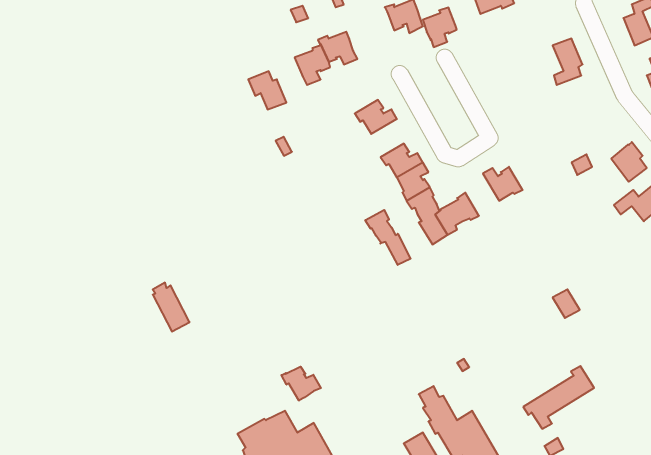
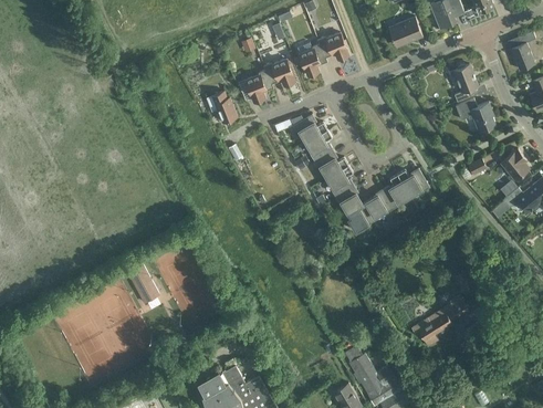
building: [423,8,457,47] -> [297,43,325,75]
building: none -> [455,97,494,132]
building: none -> [305,129,332,160]
building: none -> [382,174,409,208]
building: [365,210,411,265] -> none
building: [523,366,594,429] -> [411,295,469,346]
building: [281,367,321,401] -> none

